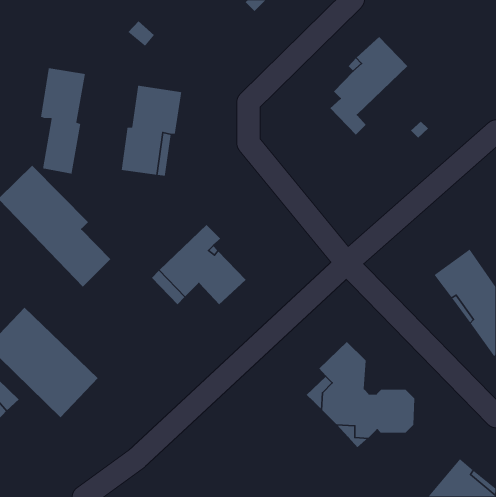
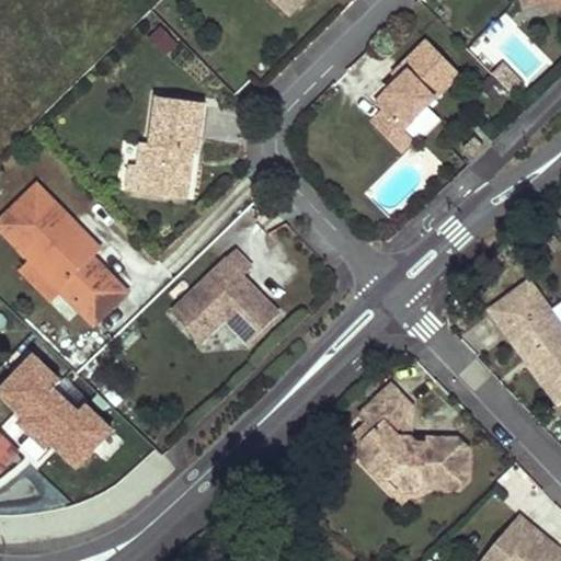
building: [40,67,86,174] -> none

